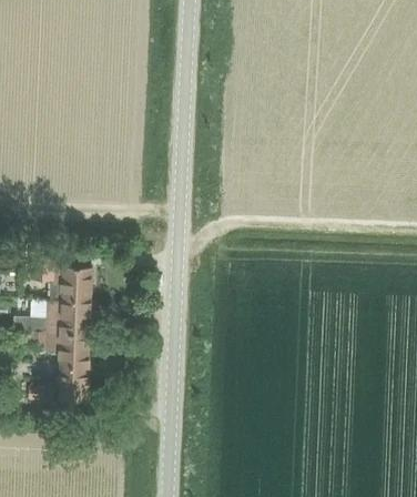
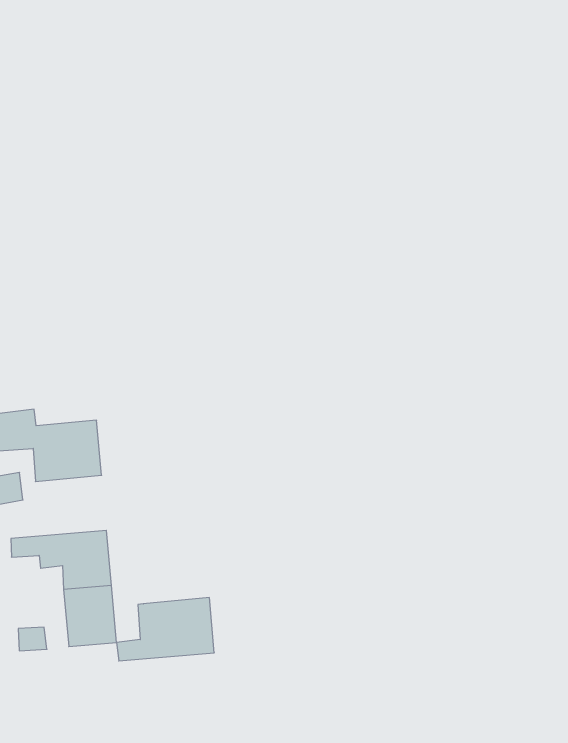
building: [32,301,91,335] -> [117,598,214,661]

